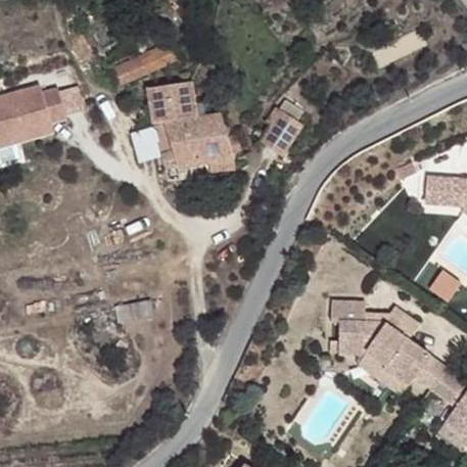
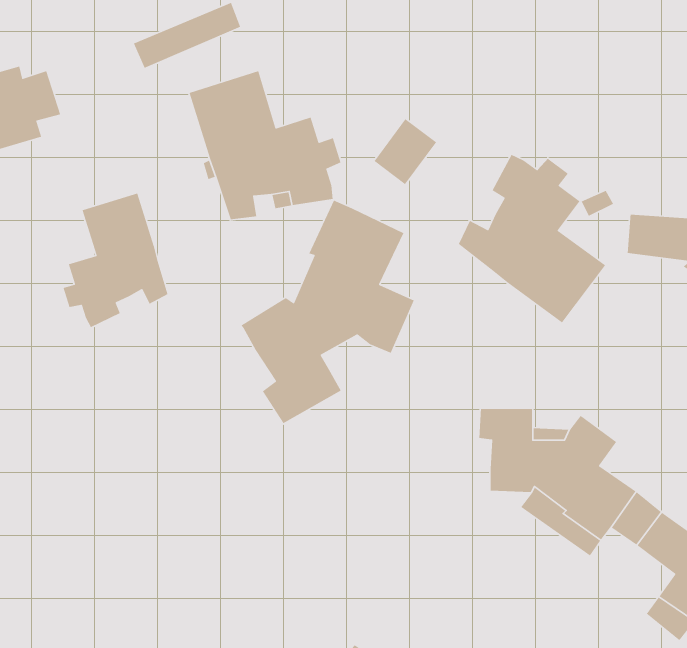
building: none -> [458,154,606,324]
building: none -> [62,193,168,328]
building: none -> [241,199,415,424]

